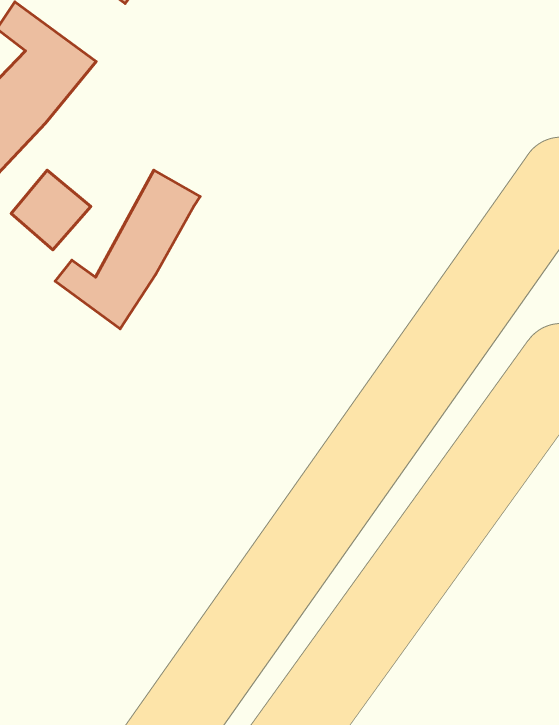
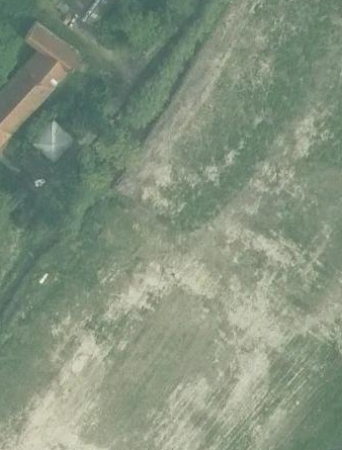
building: [55,170,200,329] -> none

